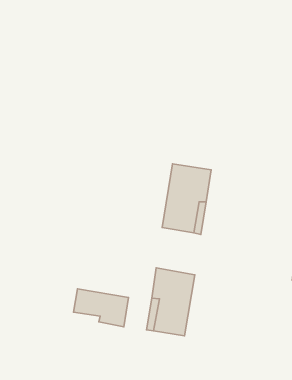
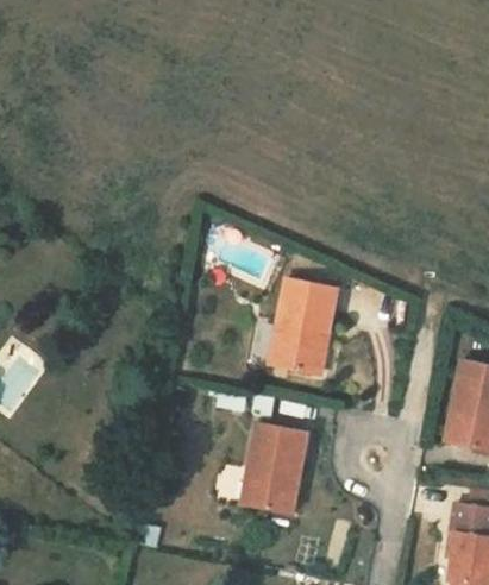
building: [73,289,129,327] -> none

